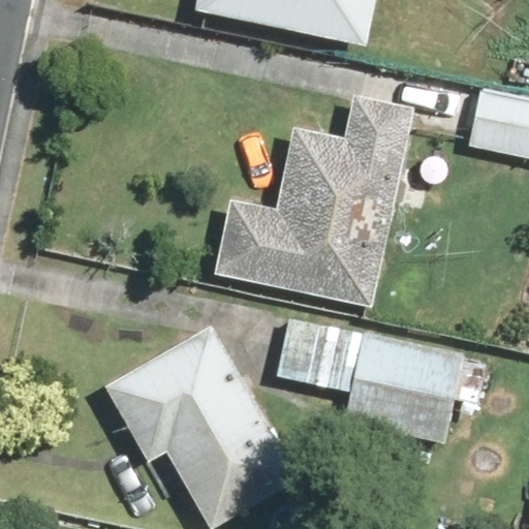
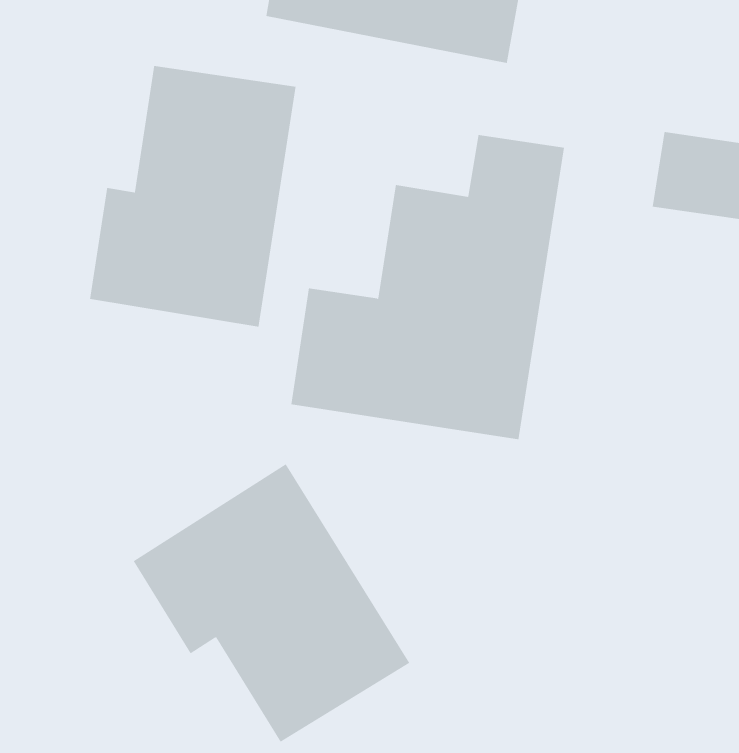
building: none -> [90,65,296,327]
building: [277,317,497,447] -> none

